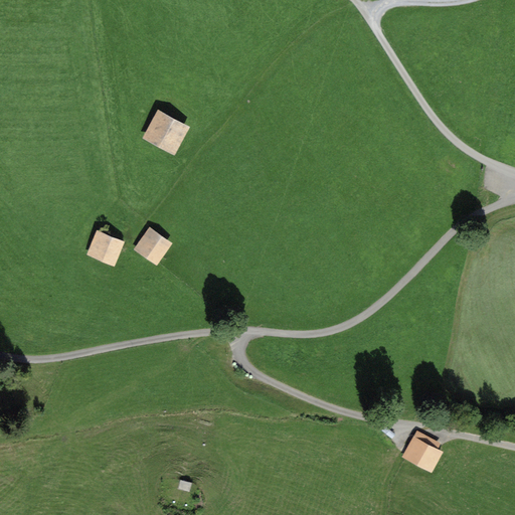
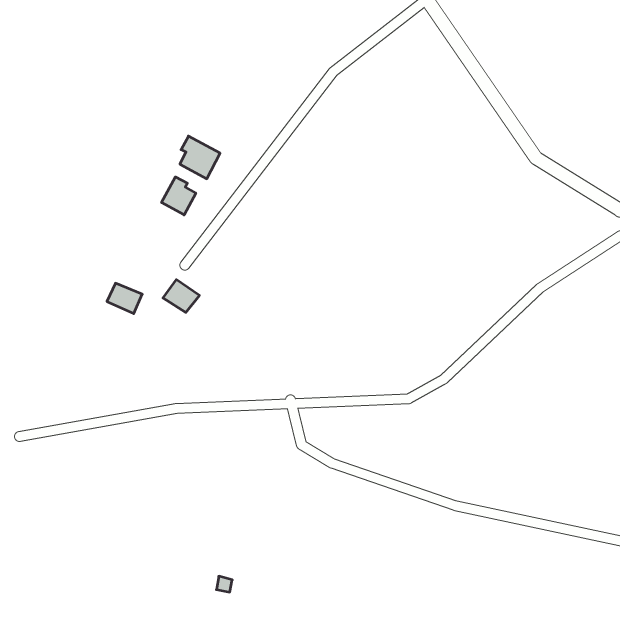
building: none -> [162,177,196,215]
building: [402,432,442,473] -> none

